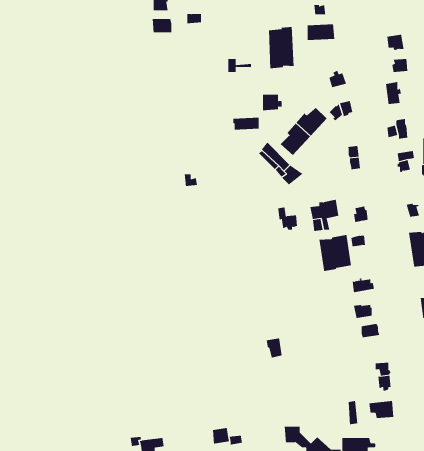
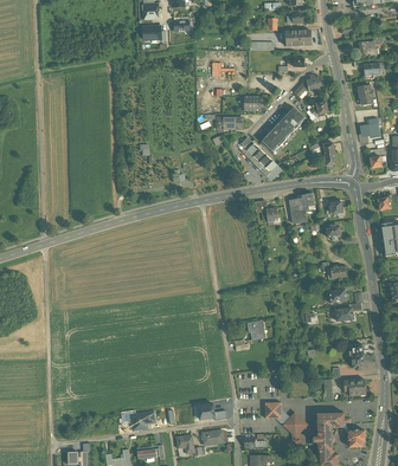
building: [268,26,294,69] -> none
building: [319,234,351,272] -> none

